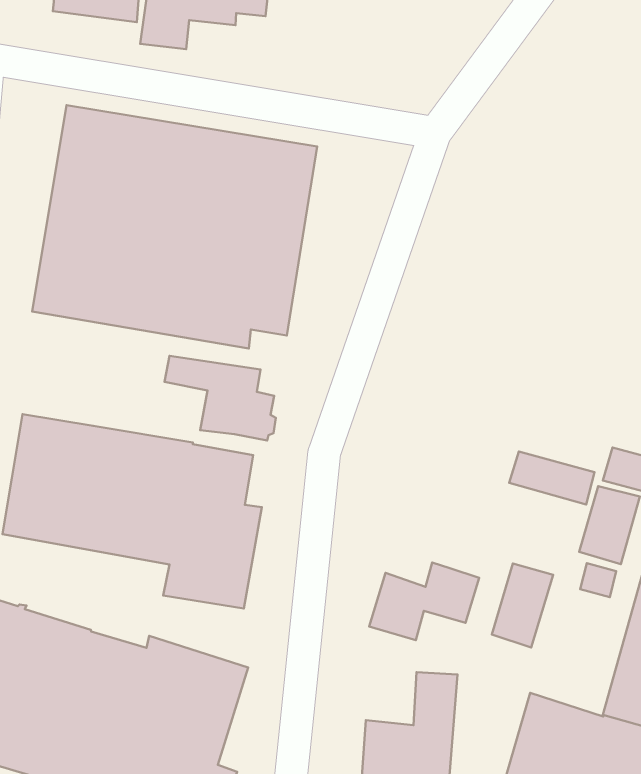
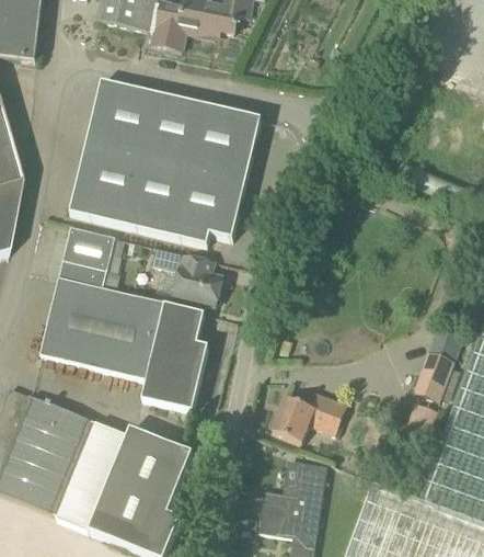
building: none -> [59,225,116,287]
building: [509,451,594,504] -> none
building: [492,563,553,648] -> none

